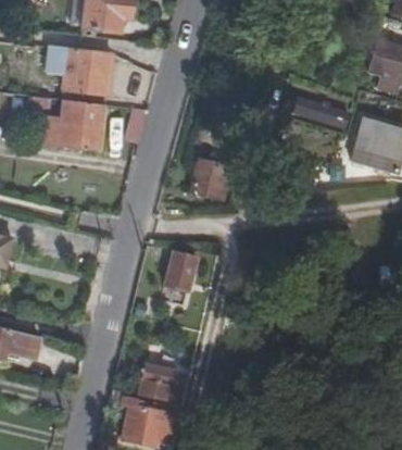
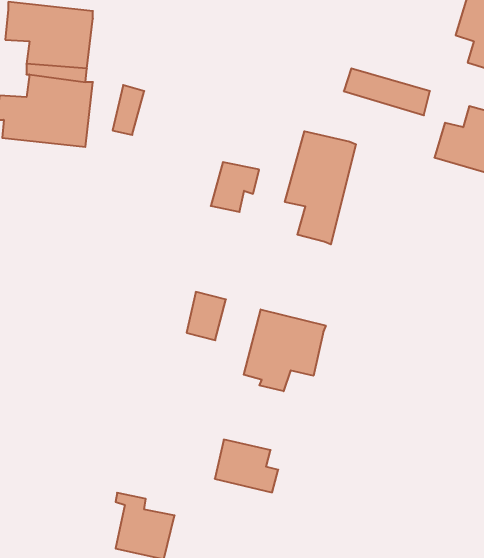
building: none -> [285,131,356,244]
building: none -> [244,309,326,391]
building: [139,363,185,401] -> [215,440,278,492]

